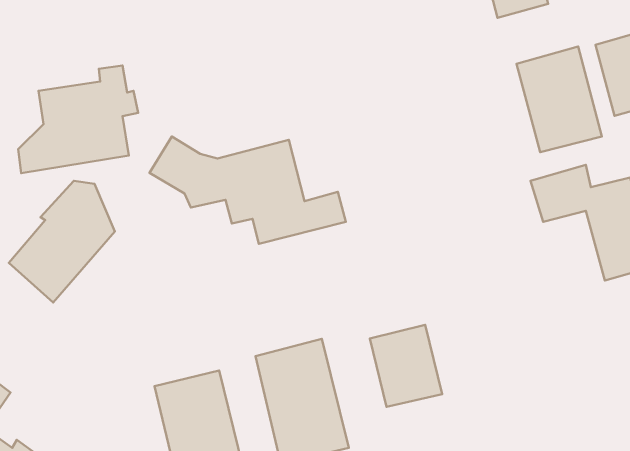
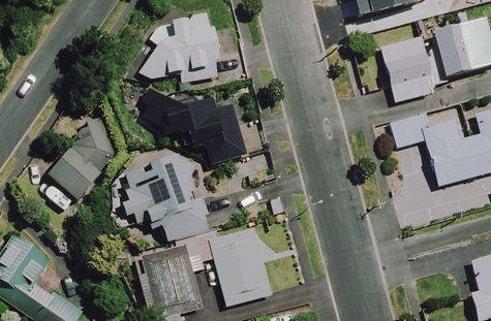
building: [18,66,138,173] -> [141,11,219,82]
building: none -> [123,157,212,231]
building: [370,325,442,407] -> none

